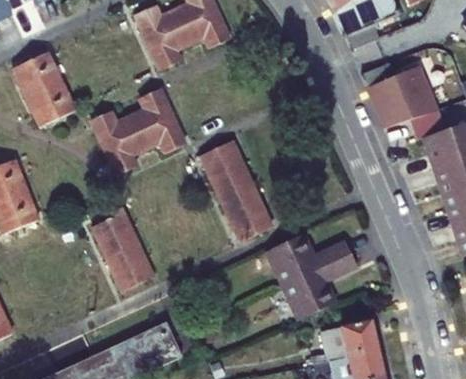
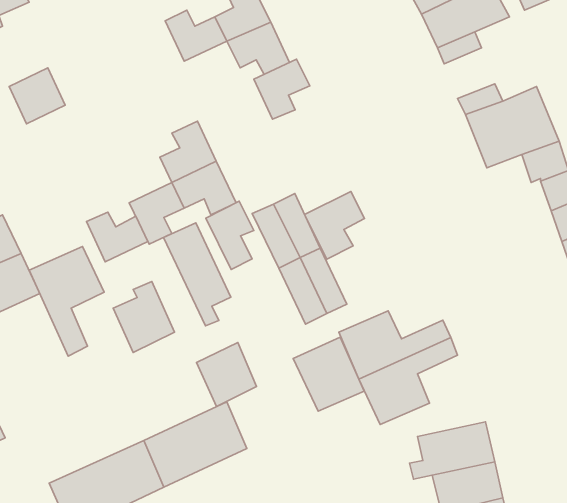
building: [149,31,191,76] -> [254,59,310,119]
building: [31,79,72,120] -> none
building: [94,115,140,152] -> [86,212,148,262]
building: none -> [305,191,365,259]
building: none -> [206,201,254,269]
building: none -> [163,223,231,326]
building: none -> [29,247,104,356]
building: [111,249,156,297] -> [197,342,257,407]
building: none -> [293,337,364,411]

